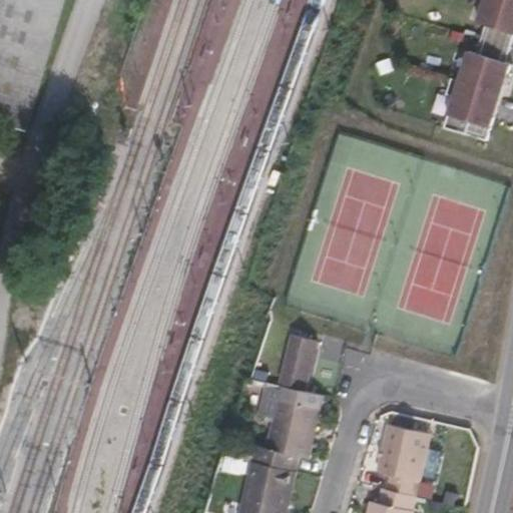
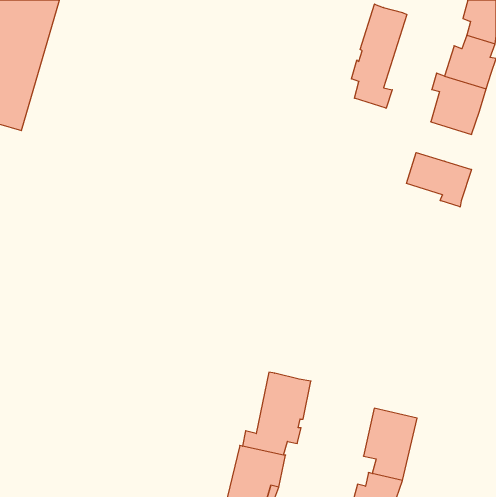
building: none -> [351,4,407,108]
building: none -> [407,153,471,207]
building: [283,336,319,391] -> none

